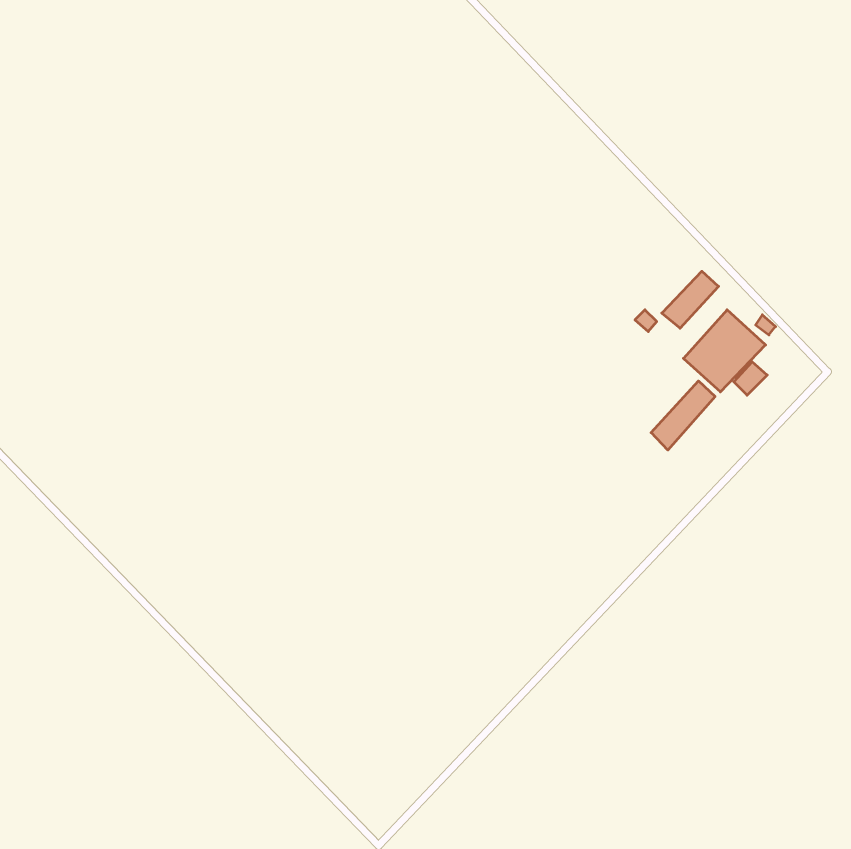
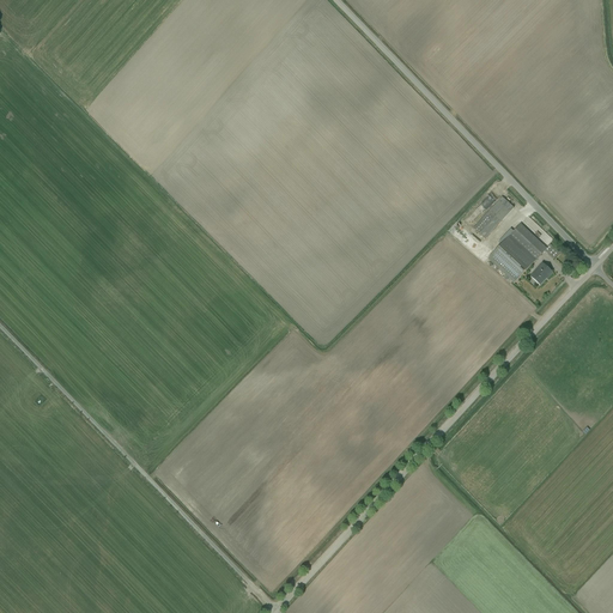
building: [651,381,715,450] -> none

